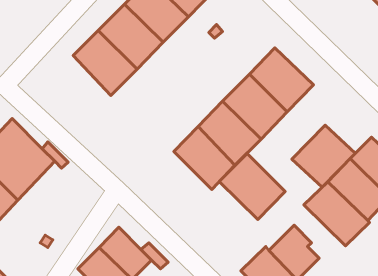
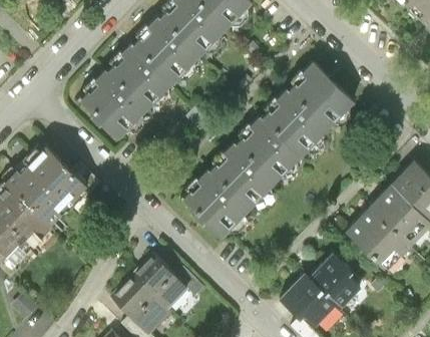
building: none -> [79,75,144,141]
building: [292,125,355,187] -> none
building: [219,154,285,219] -> [180,175,249,243]

